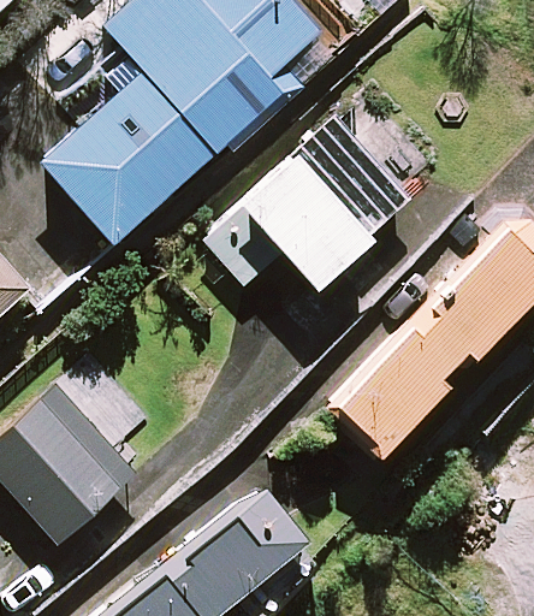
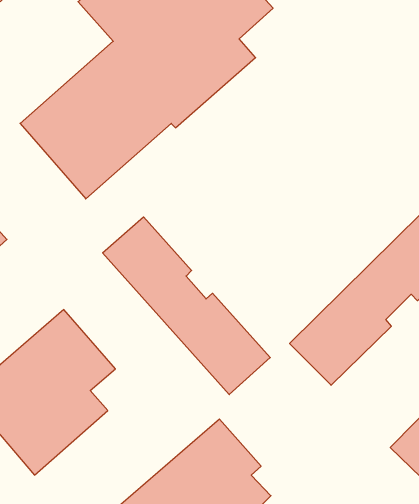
building: [203,124,407,292] -> none
building: none -> [103,217,270,395]

